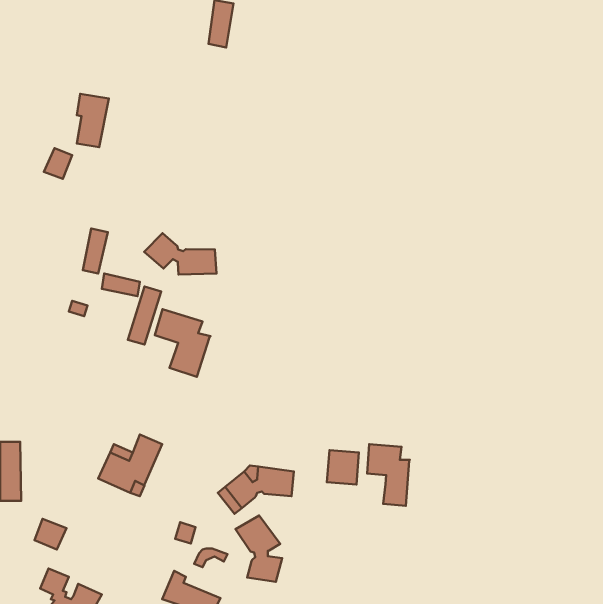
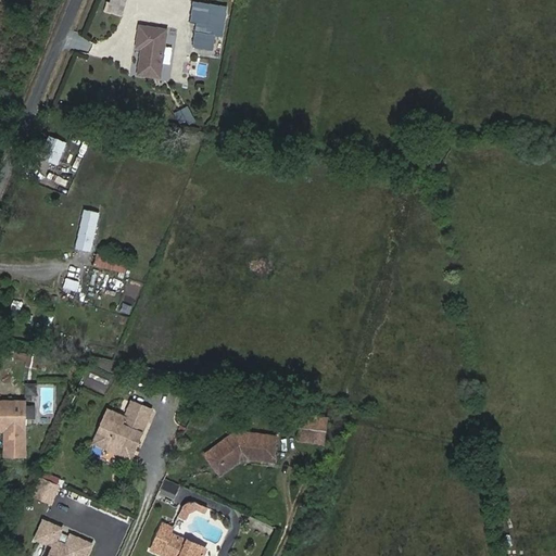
building: [77,94,109,147] -> [136,25,165,74]
building: [144,233,216,274] -> none
building: [155,309,210,377] -> none
building: [367,444,410,506] -> none
building: [236,515,282,582] -> none

